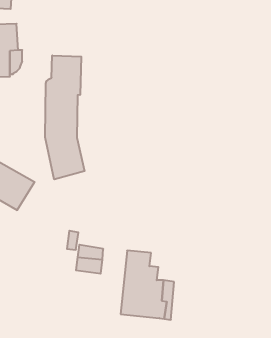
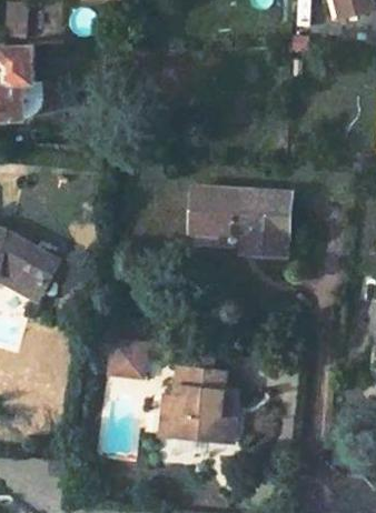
building: [45,55,85,179] -> none
building: none -> [189,189,285,254]

